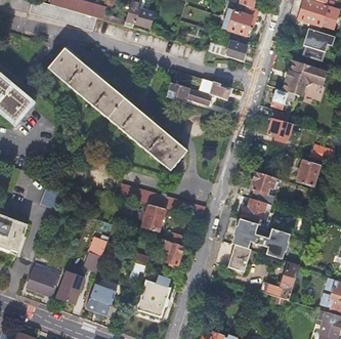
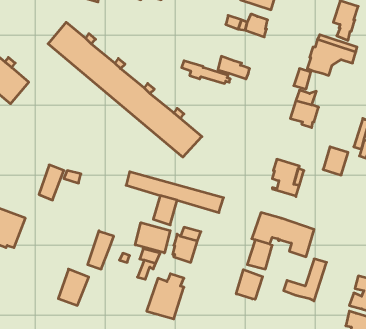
building: [240,198,270,224] -> none
building: none -> [135,223,170,253]
building: [26,266,57,295] -> none
building: none -> [236,270,263,299]
building: [85,284,119,317] -> none

